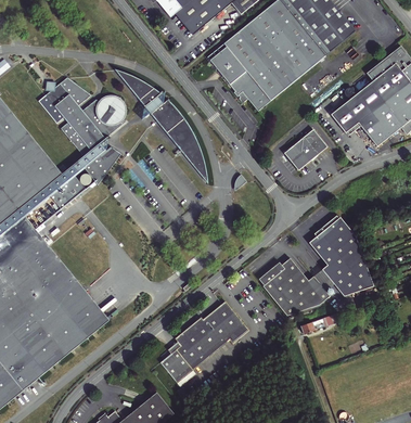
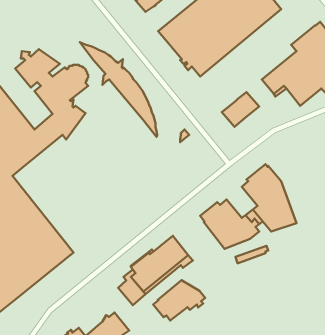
building: none -> [153,280,205,320]

